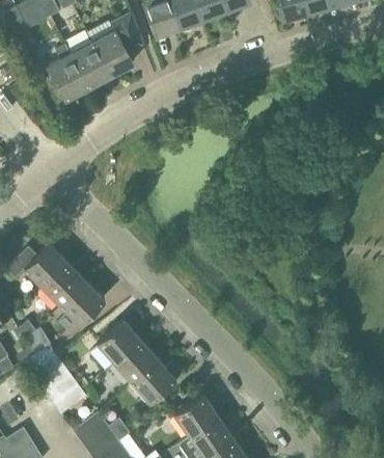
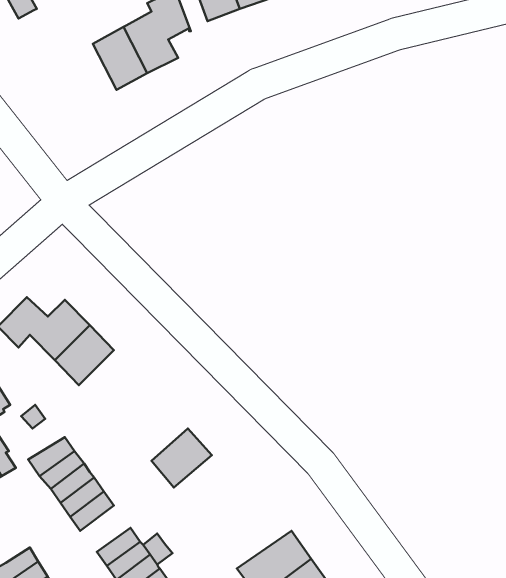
building: [48,45,88,101] -> none
building: [60,282,105,327] -> none
building: [97,321,141,365] -> none
building: [131,360,179,403] -> none
building: [173,395,218,437] -> none

